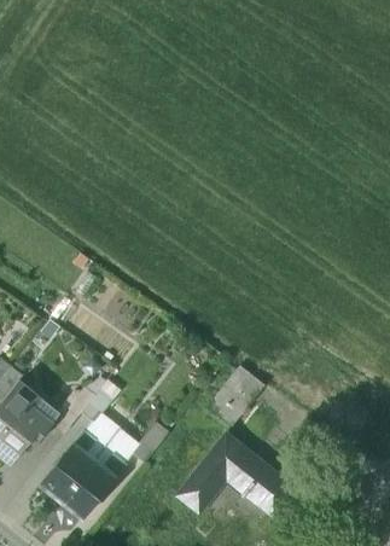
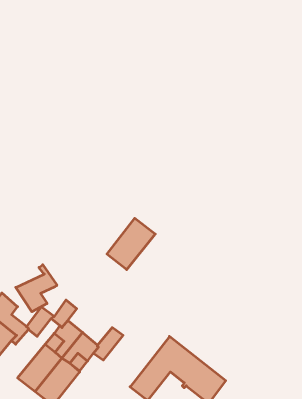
building: none -> [16,265,57,312]
building: [206,366,266,429] -> [107,218,155,270]

